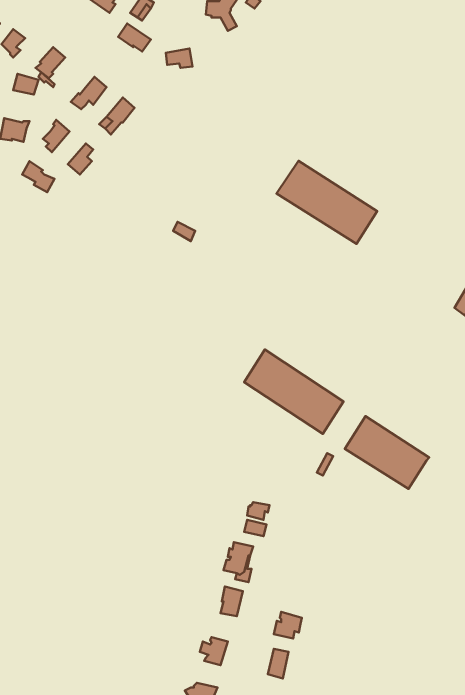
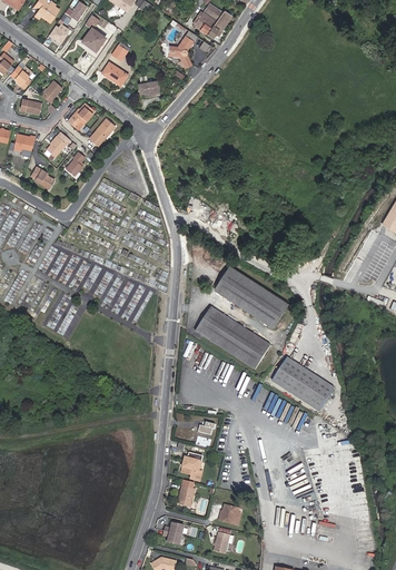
building: [276,161,377,244] -> [215,266,290,328]

